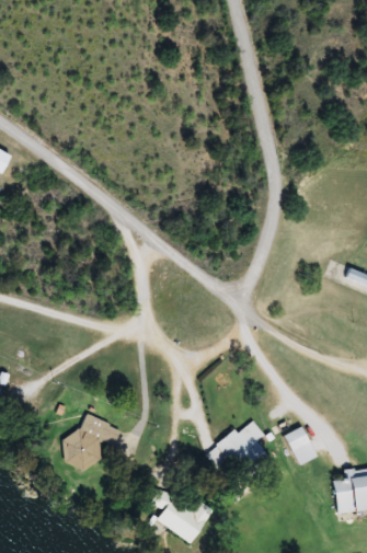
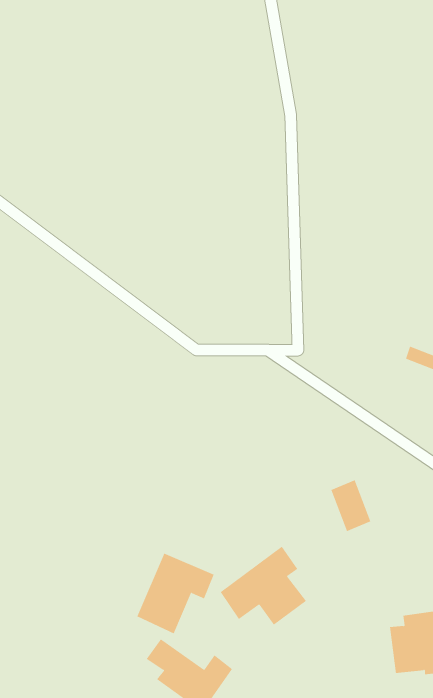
building: [61,412,121,473] -> [136,553,215,634]
building: [285,426,316,465] -> [330,480,371,532]

